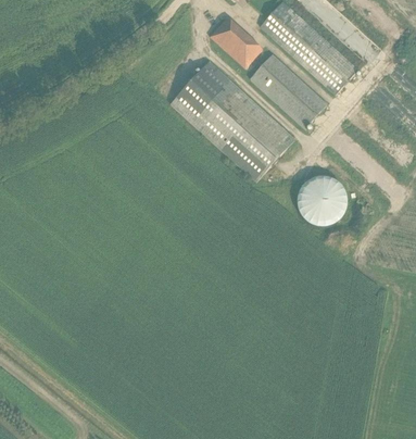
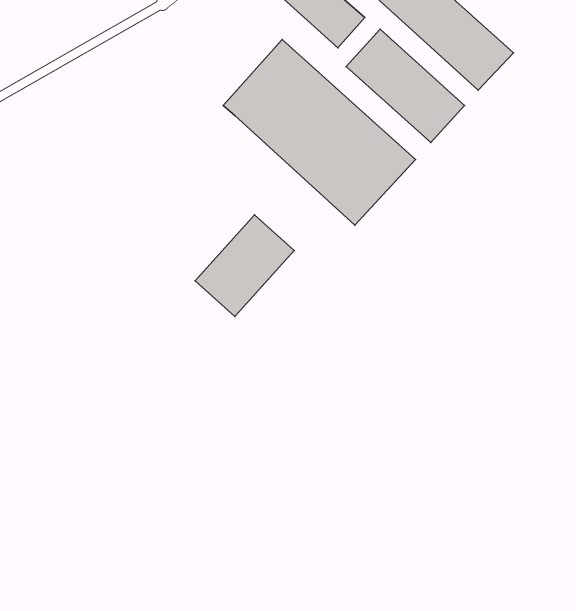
building: none -> [195,215,294,316]
building: [298,175,348,225] -> none

